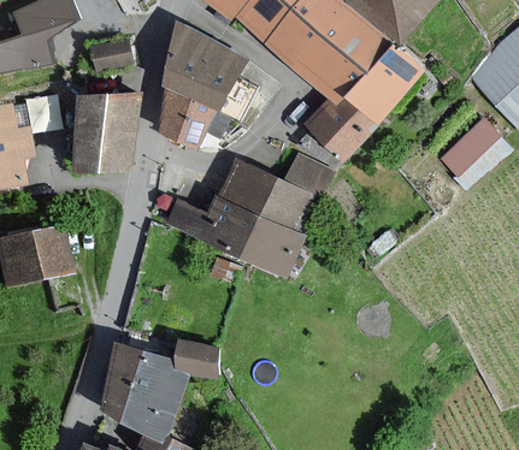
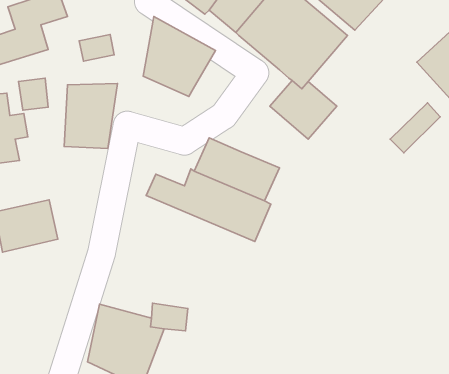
building: [349,42,426,122] -> none
building: [157,88,228,148] -> none
building: [273,149,335,195] -> none

